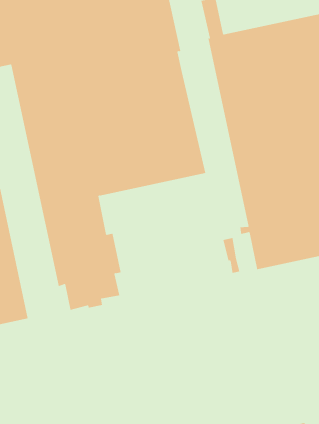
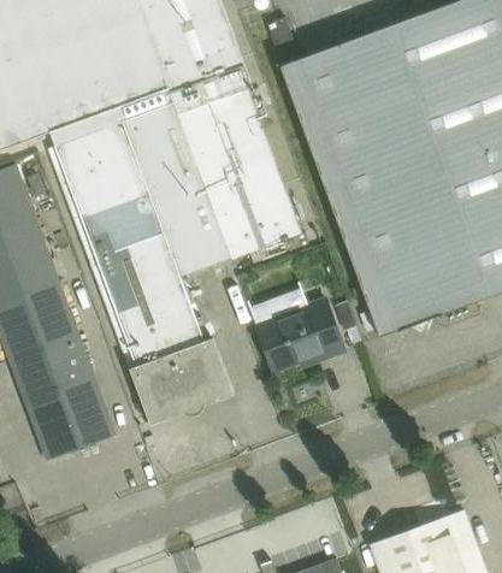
building: none -> [250,288,344,371]

